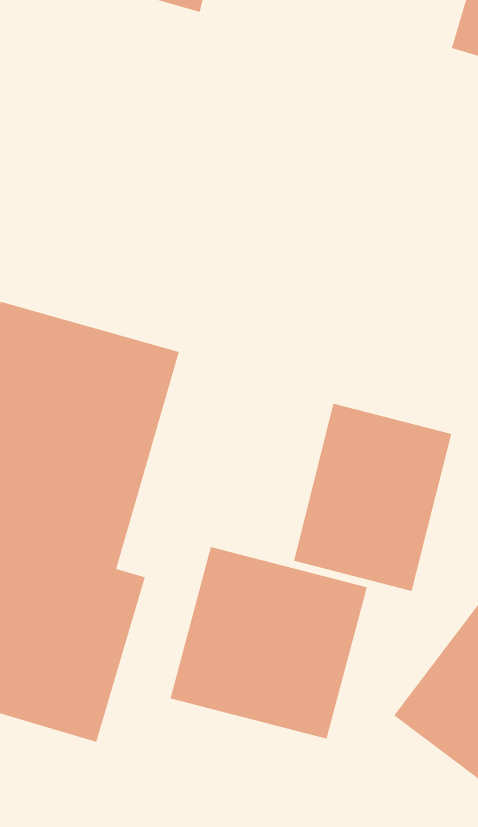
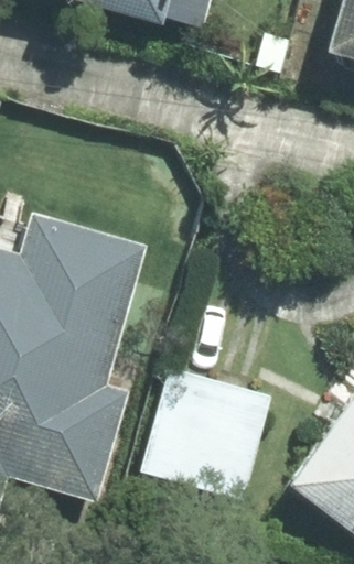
building: [293,403,452,592] -> none

